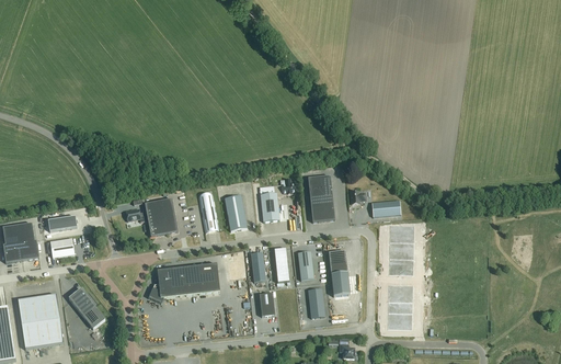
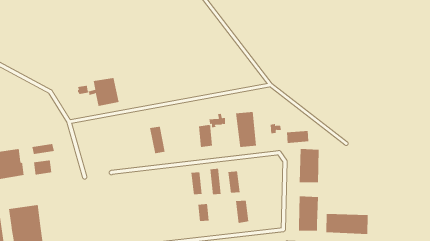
building: [224,195,247,230] -> none
building: [124,198,178,236] -> [77,77,119,107]
building: [328,250,350,295] -> none
building: [148,264,219,303] -> none
building: [68,287,104,328] -> none
building: none -> [326,213,368,235]

